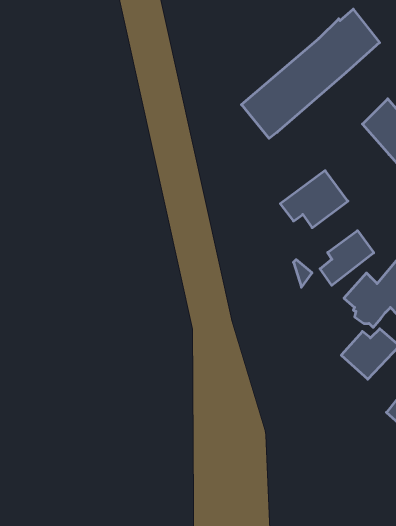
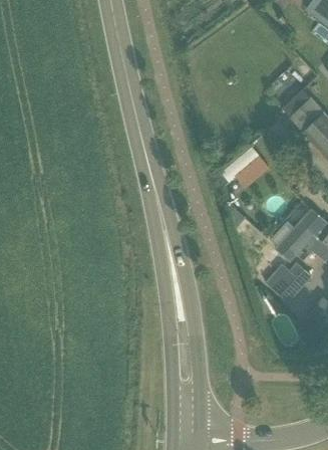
building: [241,9,380,138] -> none
building: [320,231,374,285] -> none

